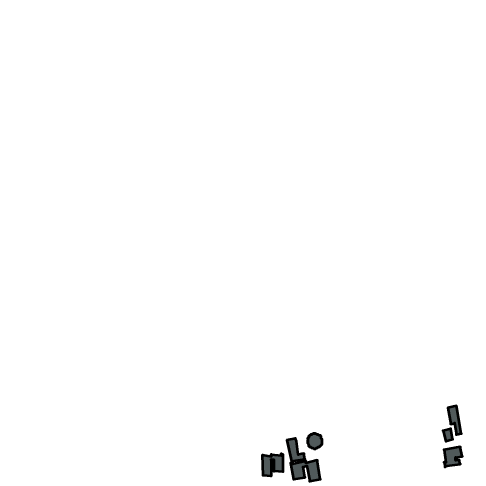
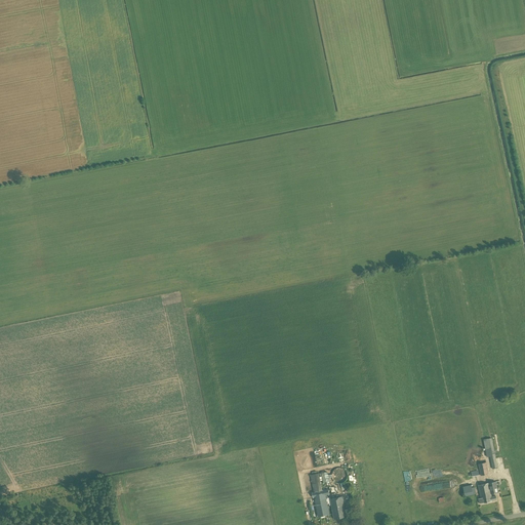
building: [263,454,283,476] -> none

